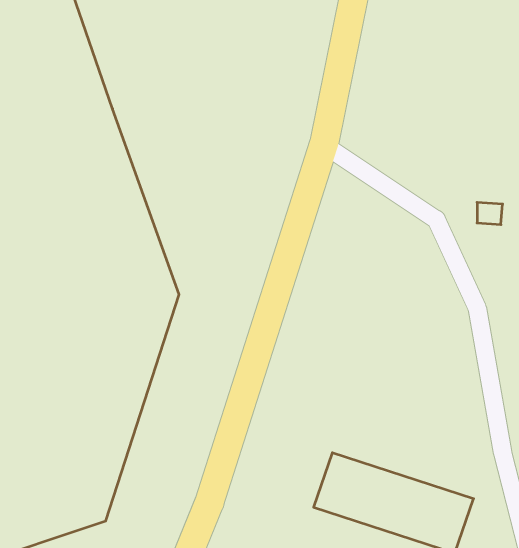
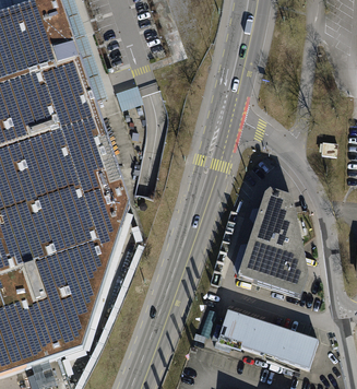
building: none -> [239,188,309,297]

